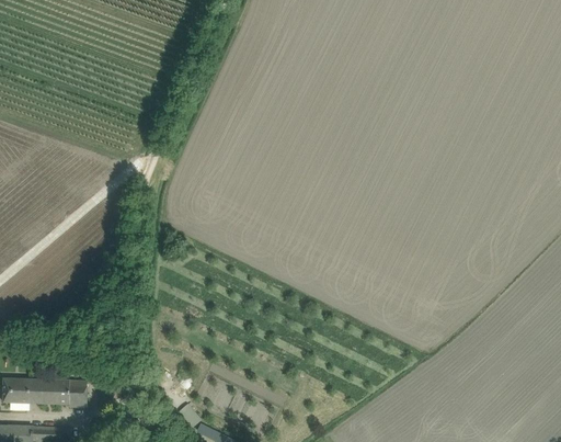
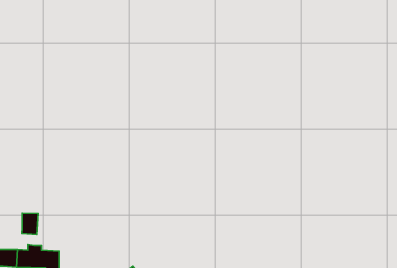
building: none -> [22,213,38,234]

